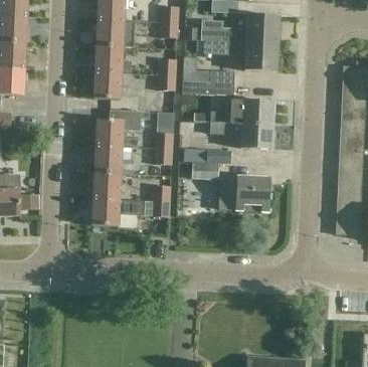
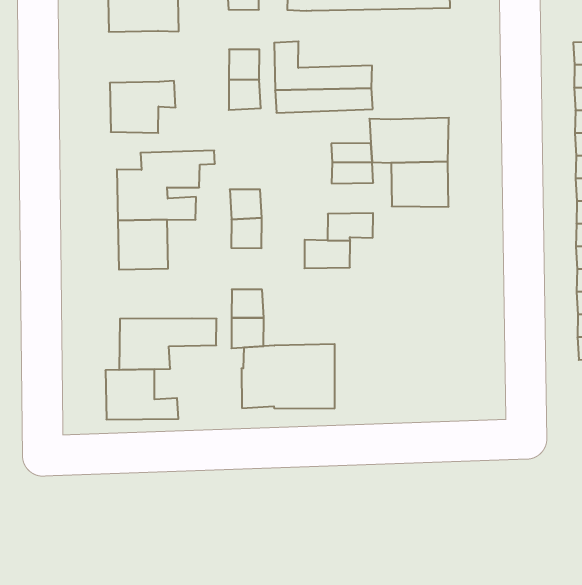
building: [203,39,278,70] -> none
building: [95,44,130,72] -> none
building: [93,171,131,199] -> [105,369,178,419]
building: [218,175,269,210] -> [241,344,335,408]

